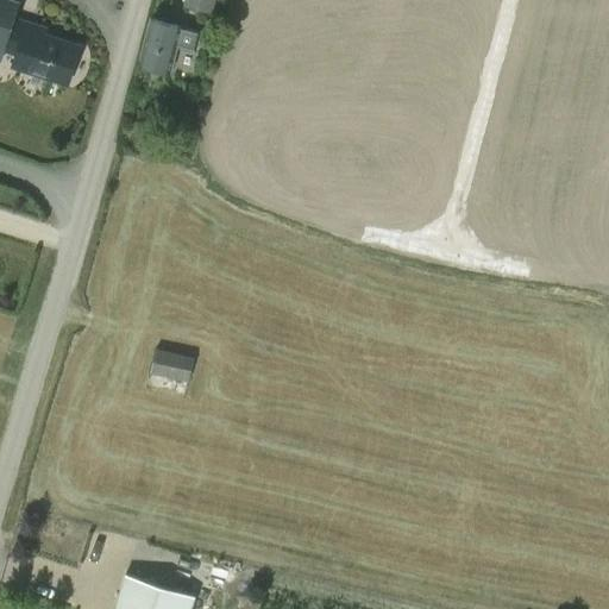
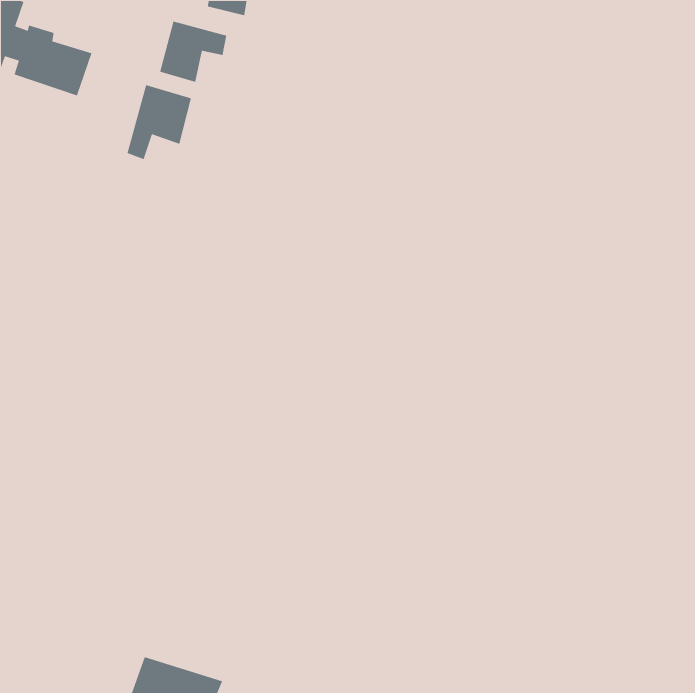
building: none -> [126,84,192,160]
building: [150,349,209,384] -> none

